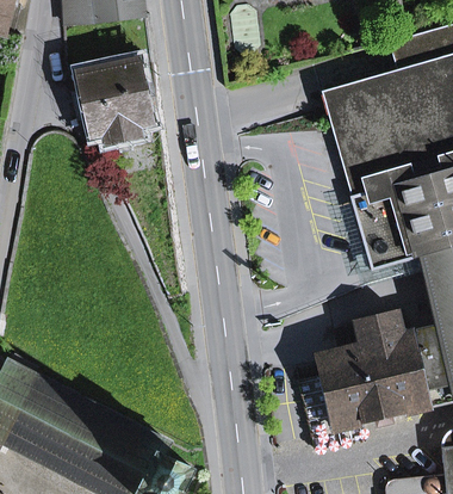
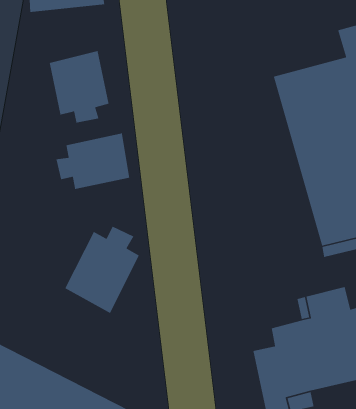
building: none -> [55,132,130,190]
building: none -> [64,225,140,314]

